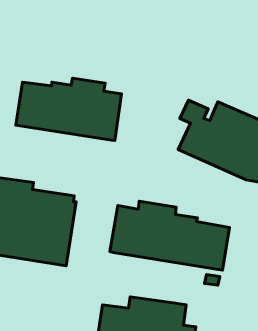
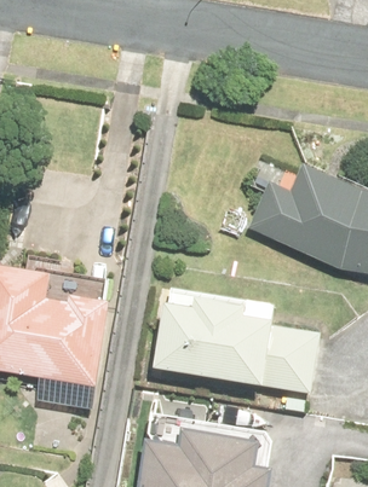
building: [16,78,122,140] -> none

